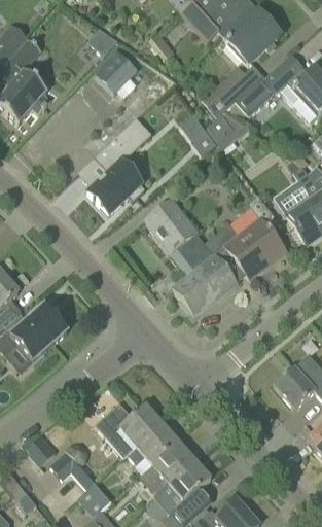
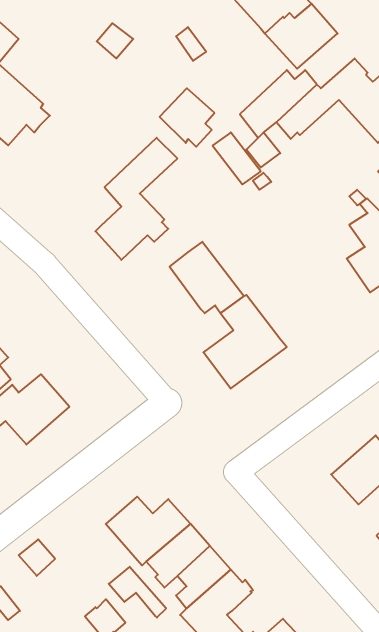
building: [95,49,138,96] -> [160,88,214,147]
building: [207,217,285,278] -> none
building: [50,451,96,491] -> [109,567,166,618]

